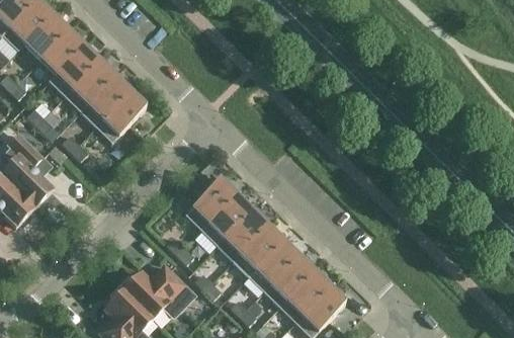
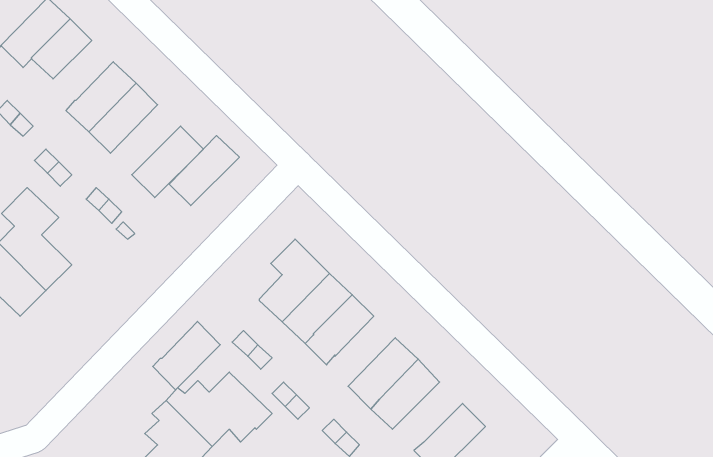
building: [39,30,82,73] -> none
building: [80,76,130,125] -> [169,136,239,206]
building: [233,226,281,275] -> none
building: none -> [153,321,220,390]
building: [279,272,329,321] -> none

